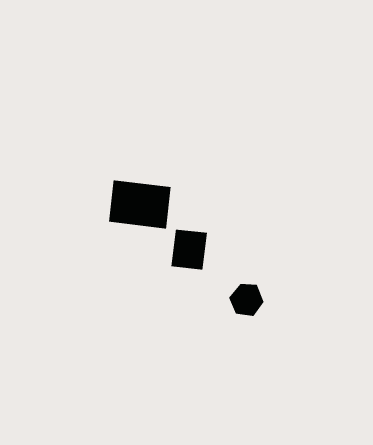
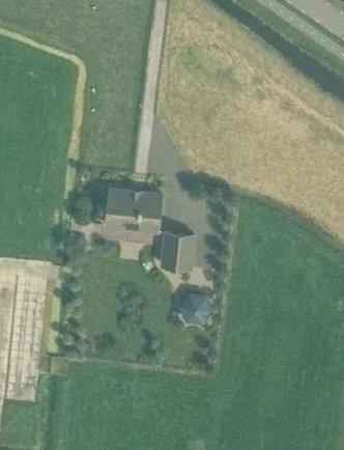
building: [228,283,265,316] -> [177,293,209,322]

